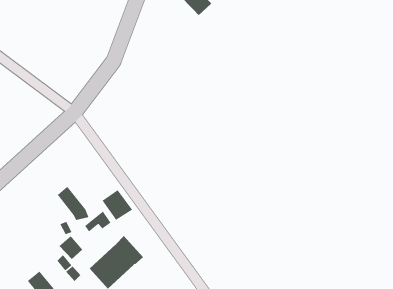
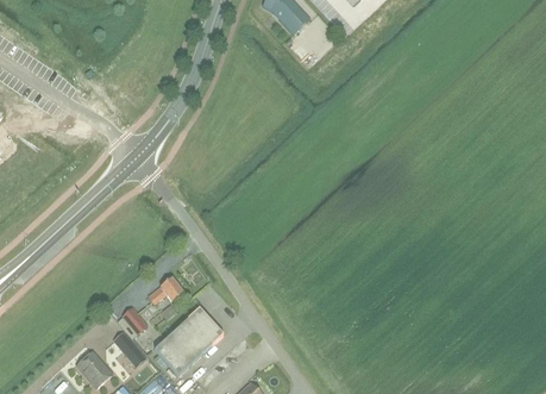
building: [56,184,90,223] -> none
building: [102,189,133,221] -> none

